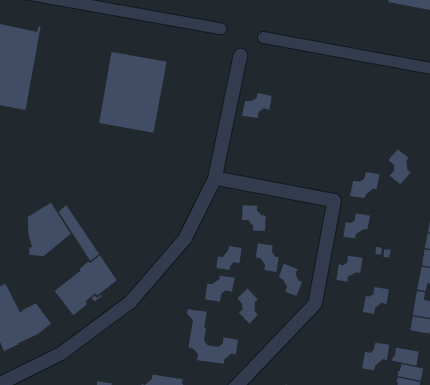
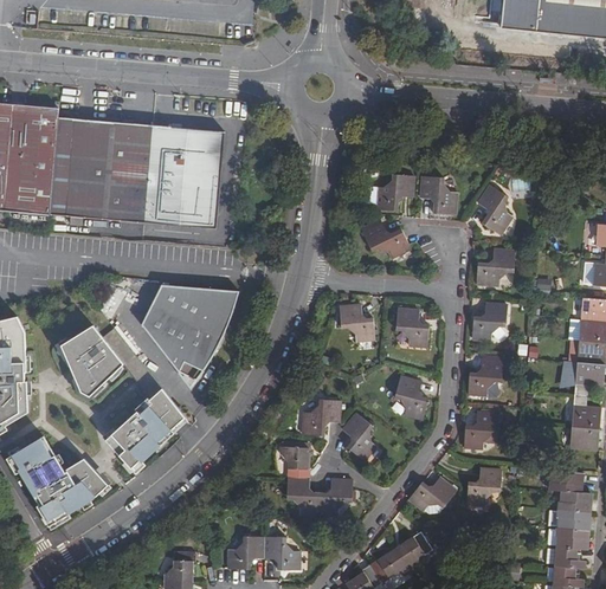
building: none -> [49,117,149,228]
building: [241,92,273,119] -> [373,174,411,208]
building: none -> [419,176,454,213]
building: none -> [361,222,408,258]
building: [387,148,412,185] -> [477,186,510,233]
building: none -> [140,286,238,381]
building: [255,242,280,273] -> [394,309,426,345]
building: [215,245,243,271] -> none
building: [362,286,390,315] -> [464,412,497,448]
building: [361,342,390,371] -> [465,467,499,505]
building: none -> [407,477,454,510]

